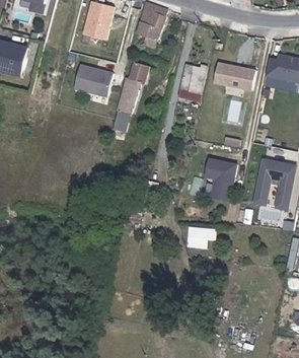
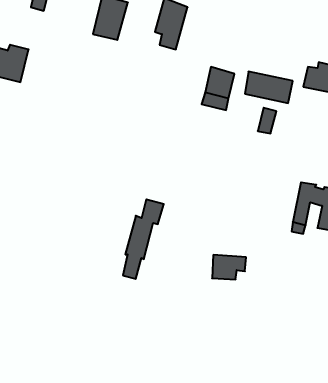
building: [113,61,148,130] -> [123,199,164,279]
building: [72,63,111,95] -> none
building: [204,162,235,204] -> none

